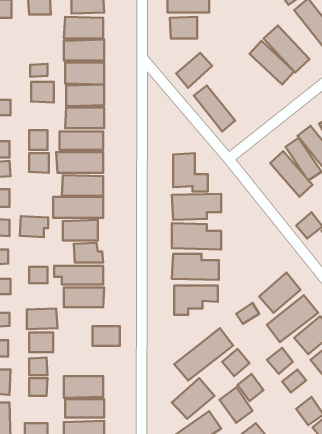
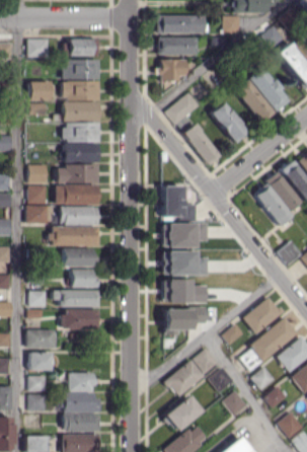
building: none -> [210,102,248,143]
building: [31,82,54,102] -> [29,81,51,100]
building: [20,216,48,237] -> [26,205,53,224]
building: [93,326,120,346] -> [68,373,93,391]
building: [219,387,252,423] -> none

